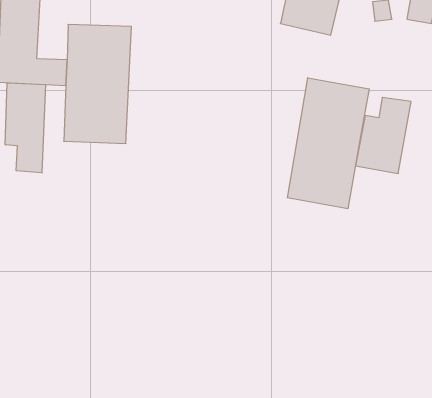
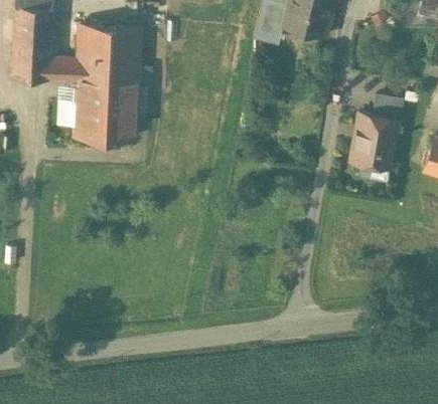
building: [287,78,369,209] -> none
building: [5,83,46,173] -> none

